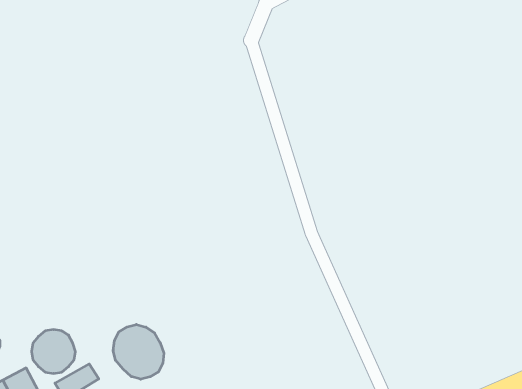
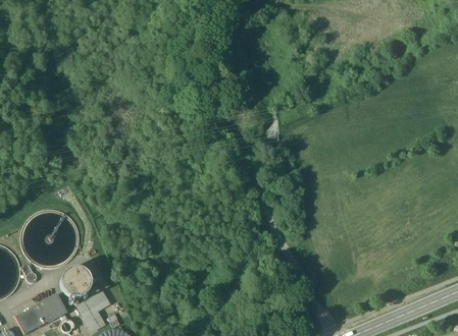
building: [113,324,164,379] -> none

